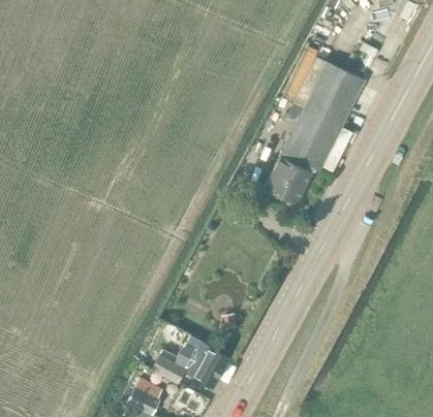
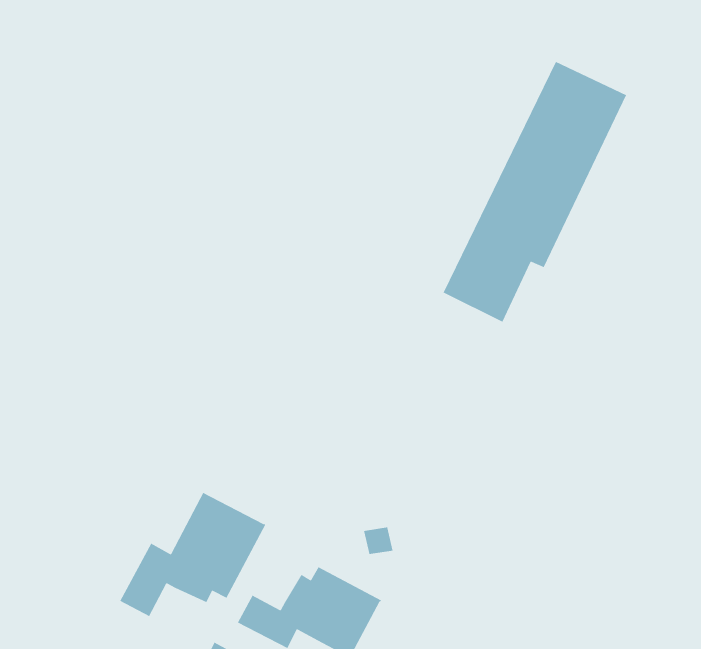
building: none -> [119,492,267,617]

